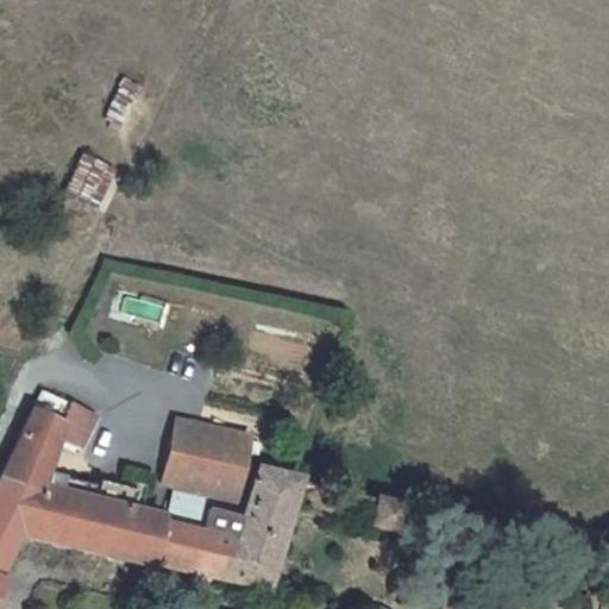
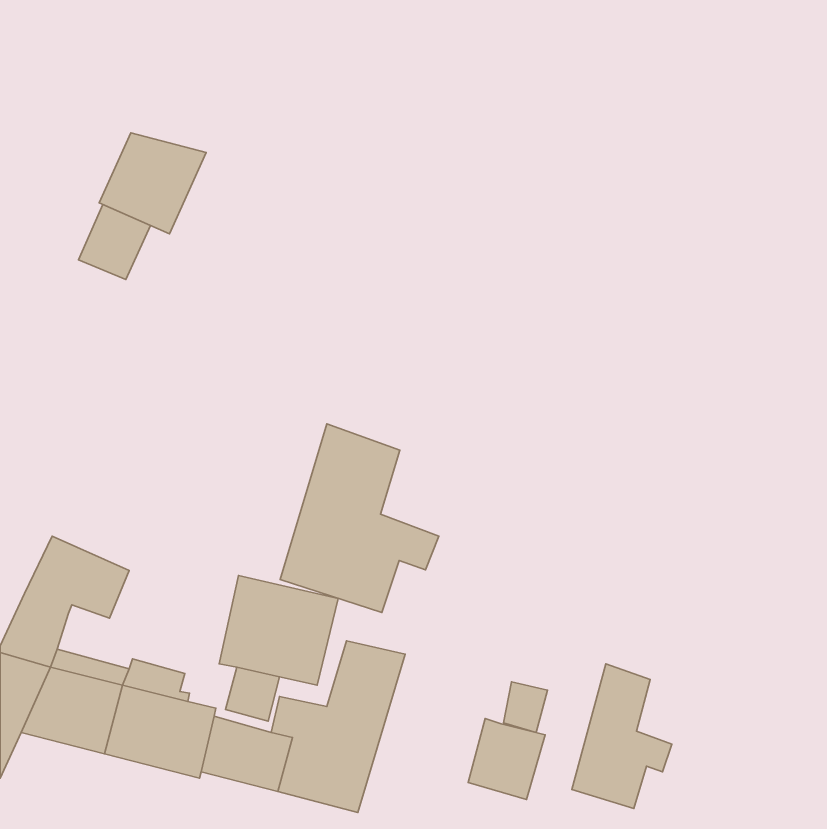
building: none -> [99,133,206,234]
building: none -> [280,424,439,613]
building: none -> [572,664,672,808]
building: none -> [468,719,545,800]

